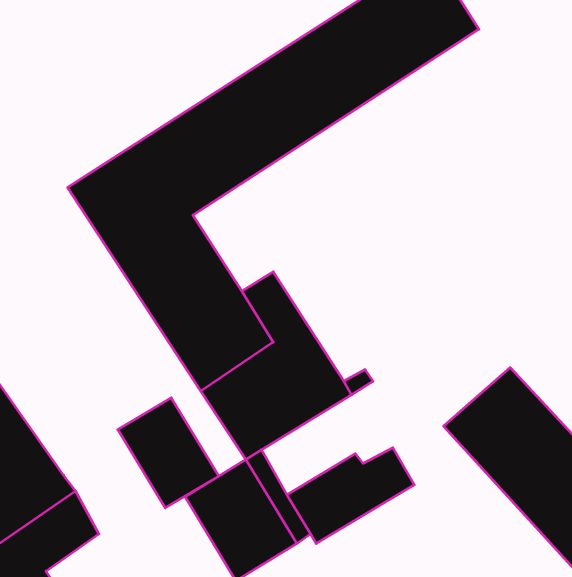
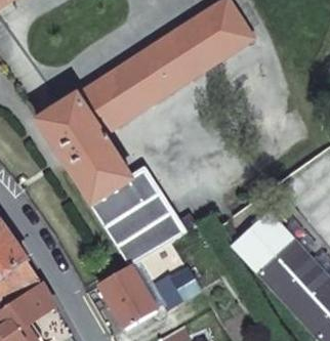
building: [118,398,219,508] -> none

